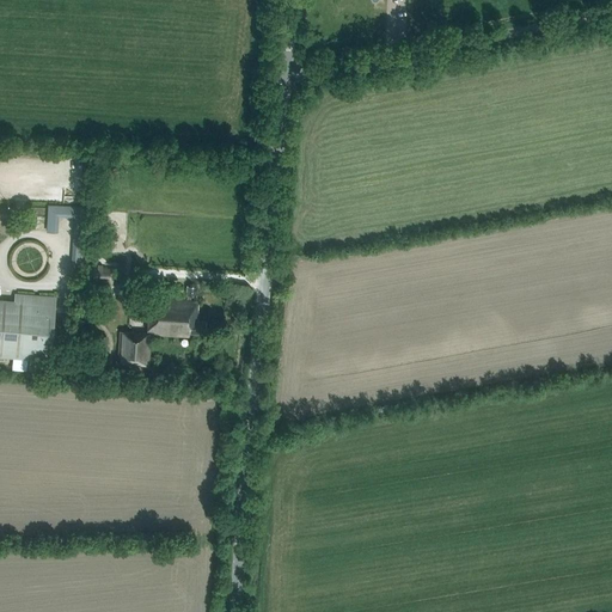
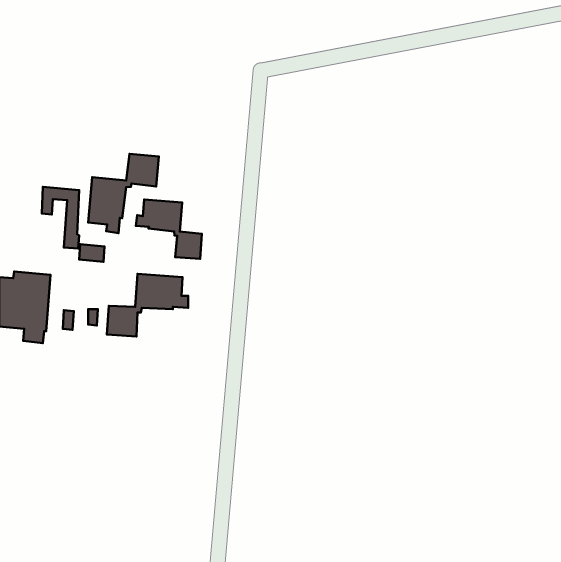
building: none -> [88,154,159,233]
building: none -> [136,200,202,259]

